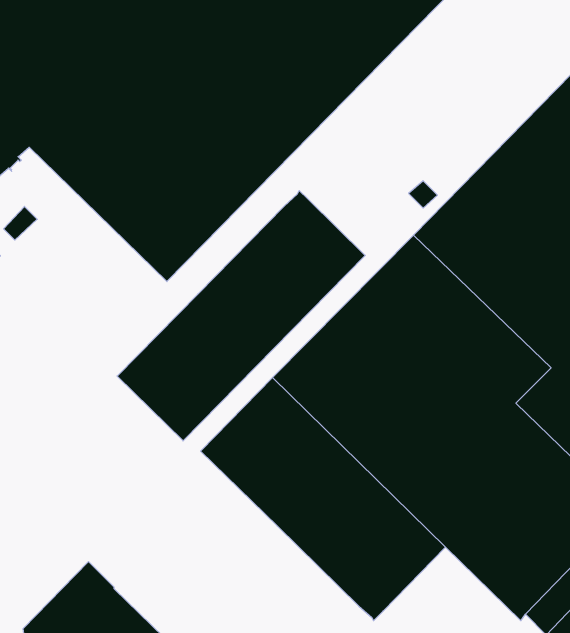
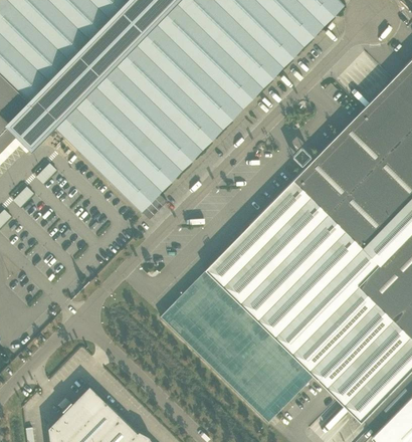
building: [117,191,365,441] -> none

